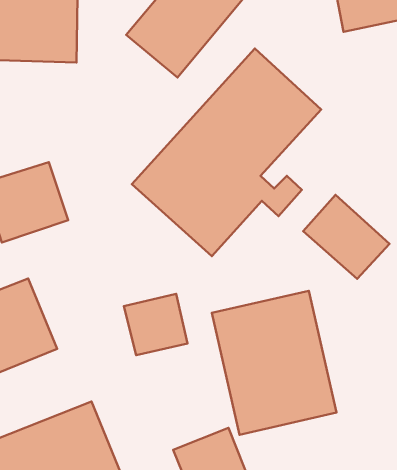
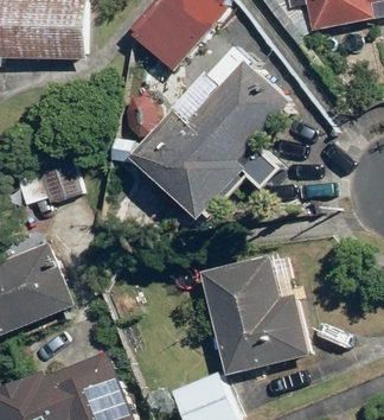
building: [303,195,389,279] -> none
building: [124,294,187,355] -> none

